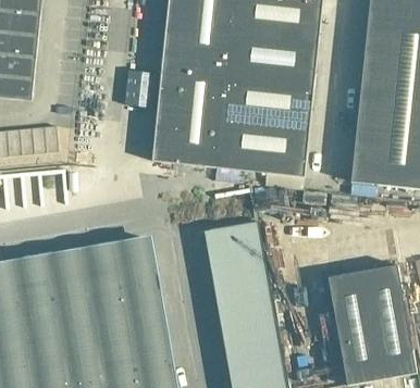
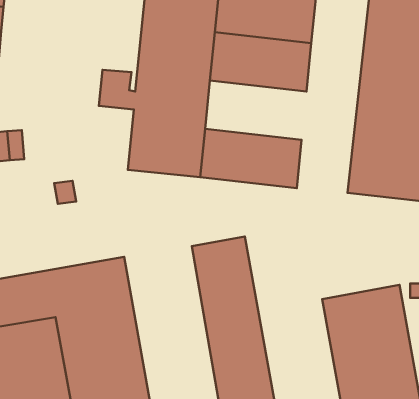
building: [221,80,312,134] -> none

